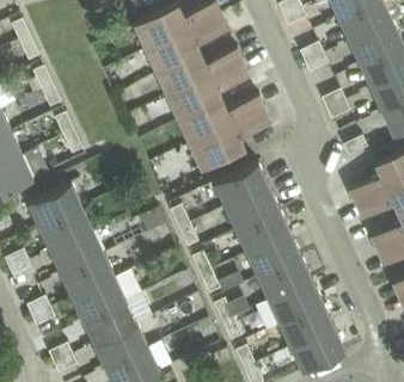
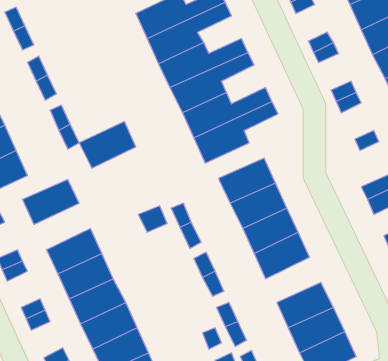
building: [39,207,93,251] -> [79,122,136,168]
building: [259,258,312,301] -> none

